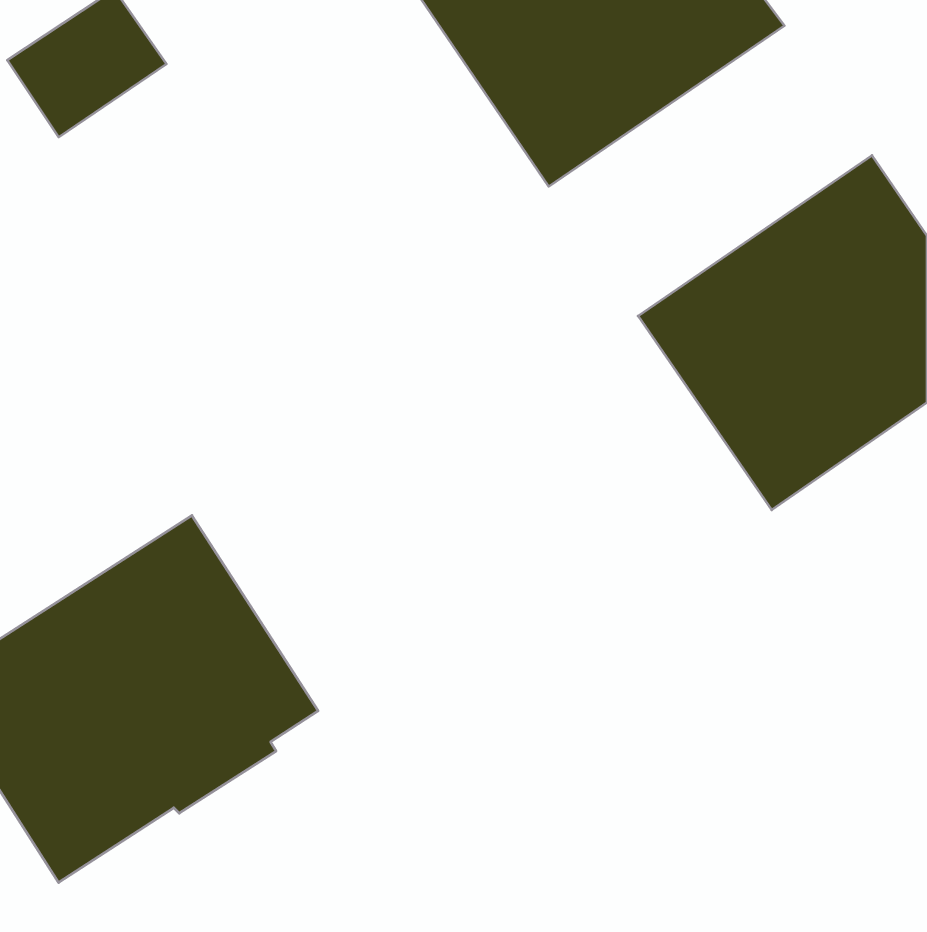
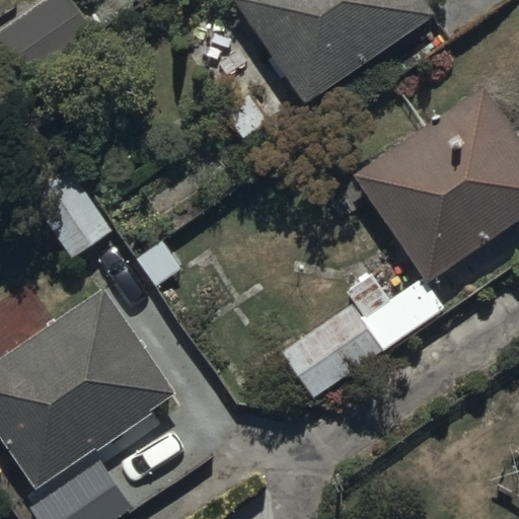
building: none -> [281,272,443,398]

